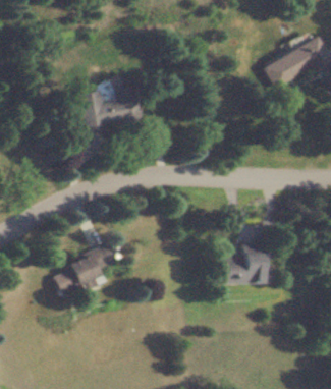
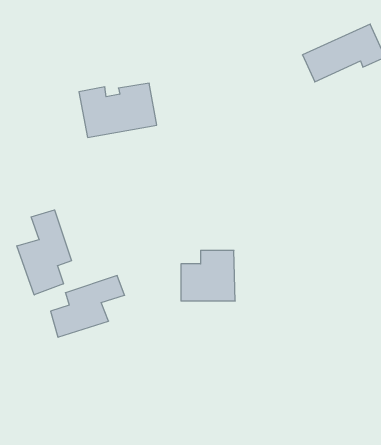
building: none -> [17,210,71,295]
building: [227,241,272,283] -> [181,250,235,301]

